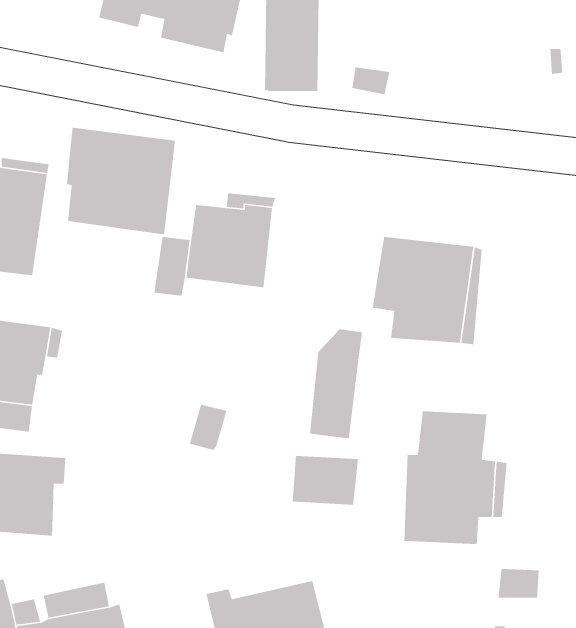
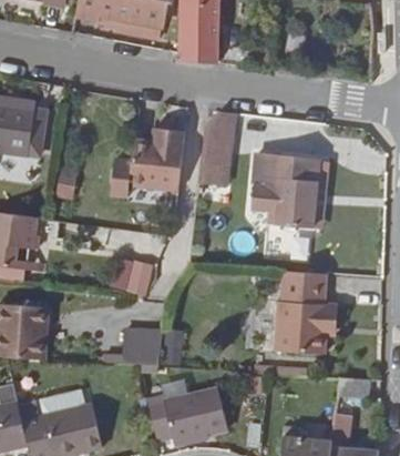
building: [66,127,176,235] -> none
building: [309,329,363,439] -> [202,113,237,186]
building: [292,455,359,506] -> [122,331,166,364]

